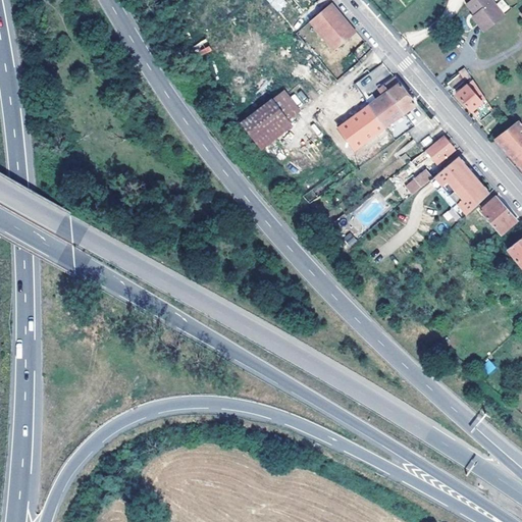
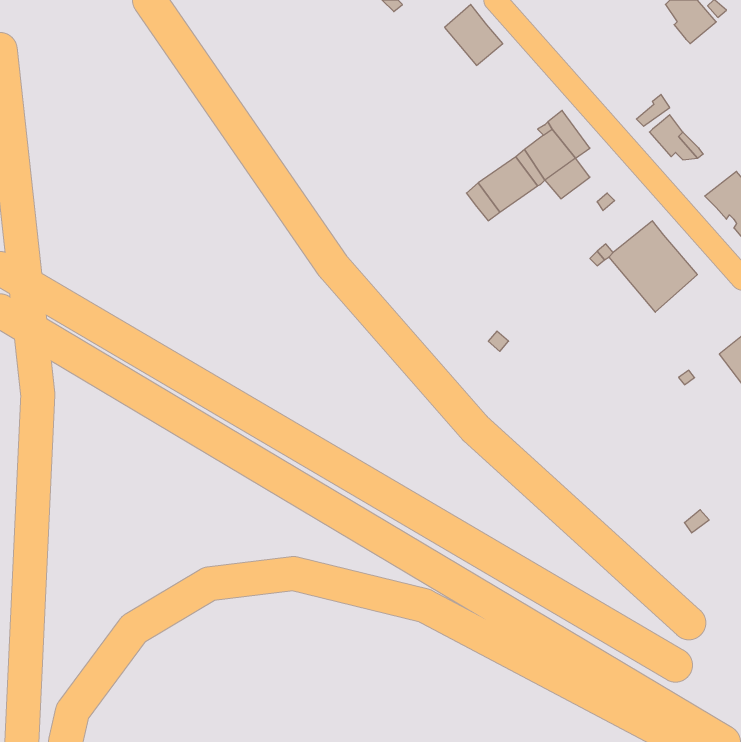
building: [241,90,308,151] -> none
building: [414,136,453,162] -> none
building: [479,197,516,233] -> none

